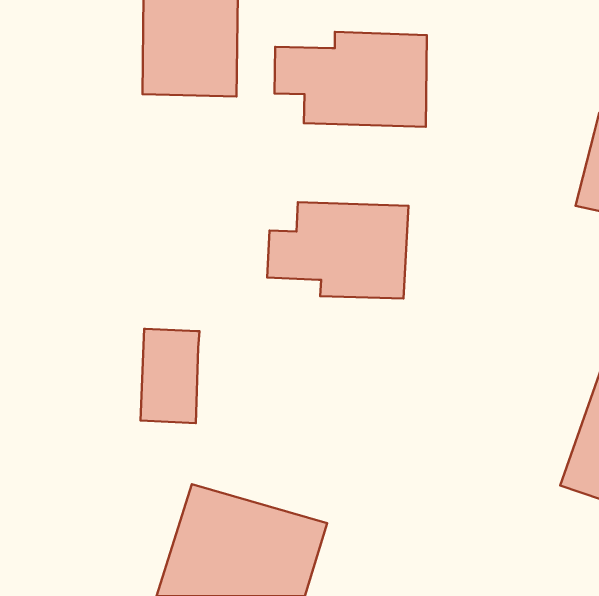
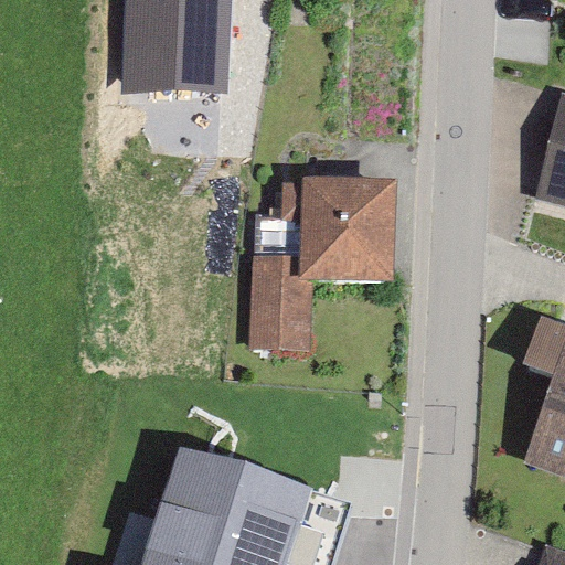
building: [275,32,427,127] -> none
building: [141,329,199,423] -> [248,260,303,349]

